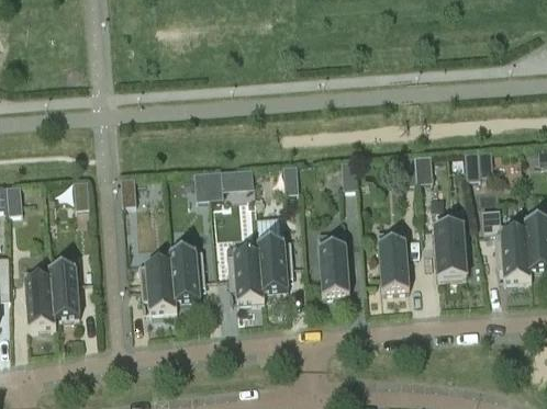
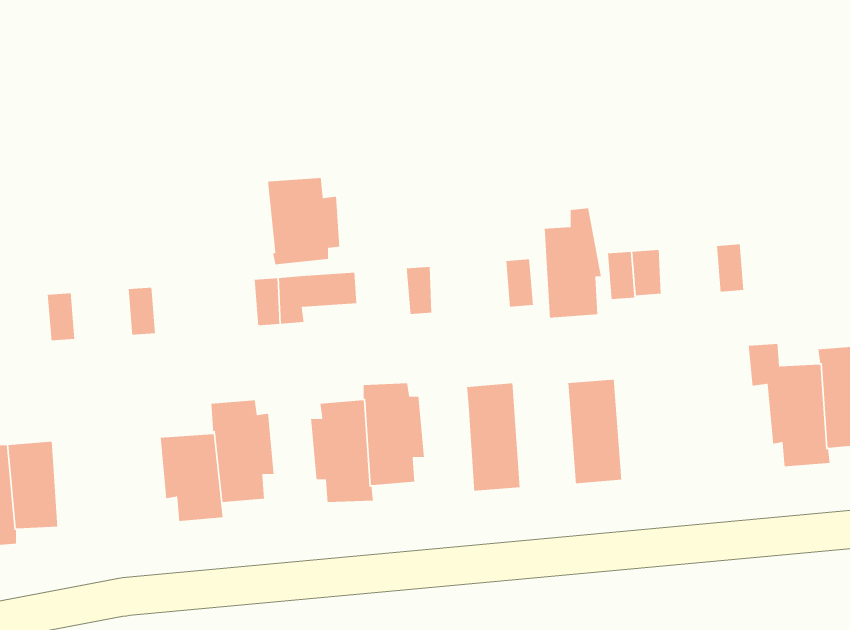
building: none -> [267,177,340,265]
building: [434,214,468,279] -> [544,208,602,318]

